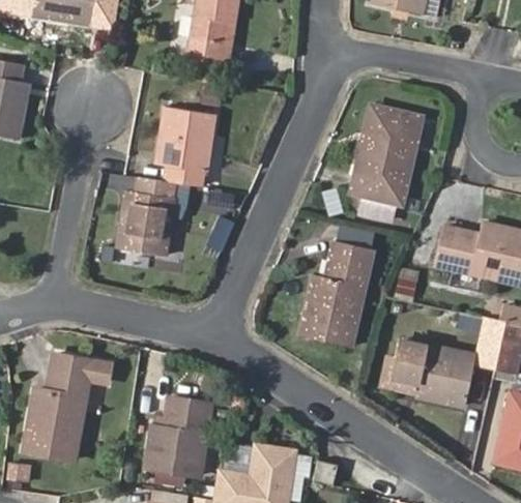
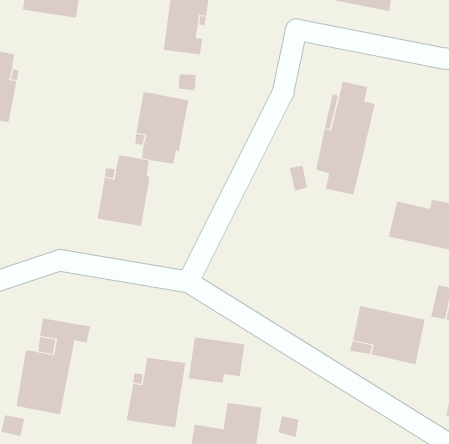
building: [301,240,373,347] -> none
building: none -> [188,336,245,384]

